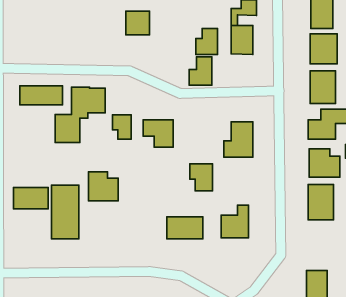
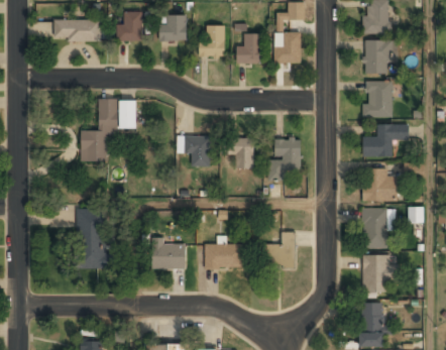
building: none -> [116,11,143,41]
building: [189,57,212,85] -> [199,26,224,57]
building: [20,86,62,105] -> [53,19,101,40]
building: [113,115,131,139] -> none
building: [190,164,212,191] -> [229,138,254,168]
building: [88,172,118,201] -> [153,236,187,268]
building: [13,187,48,209] -> none
building: none -> [362,254,398,294]

